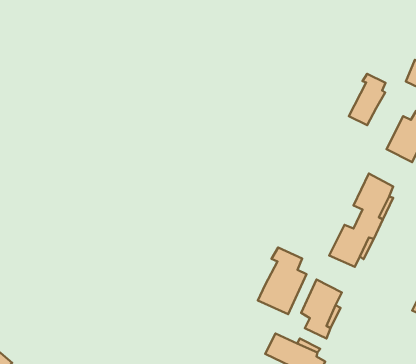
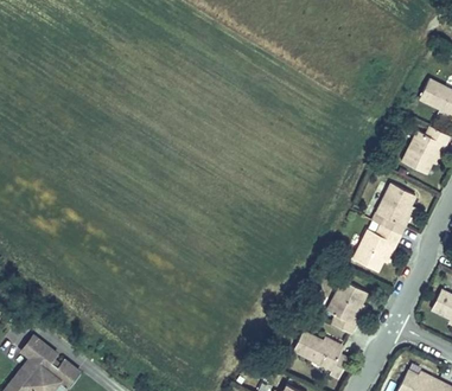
building: [349,74,385,125] -> none
building: [258,247,307,314] -> none

